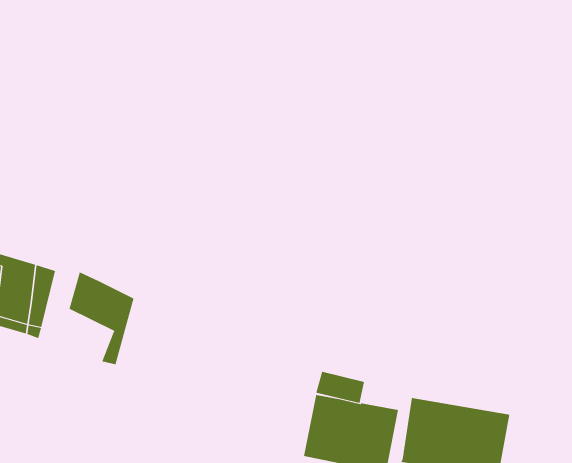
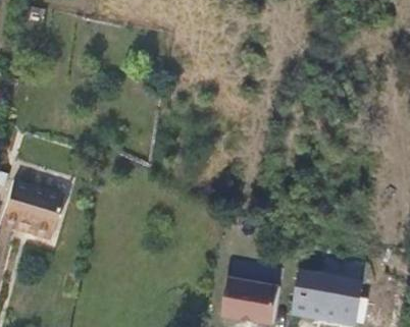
building: [69,271,134,365] -> none

